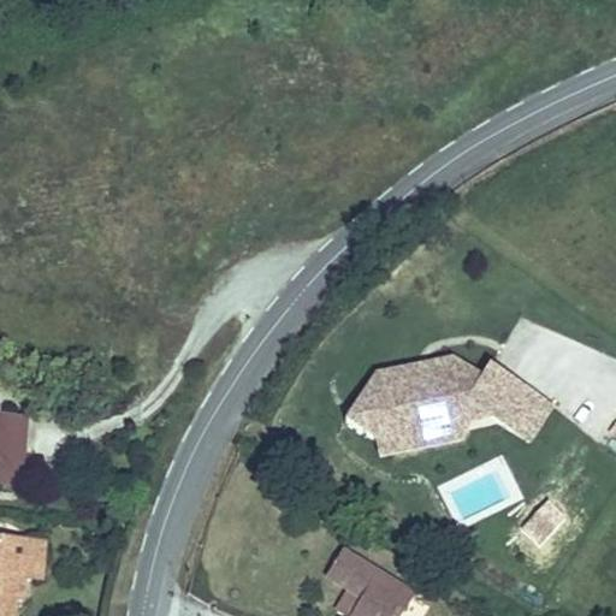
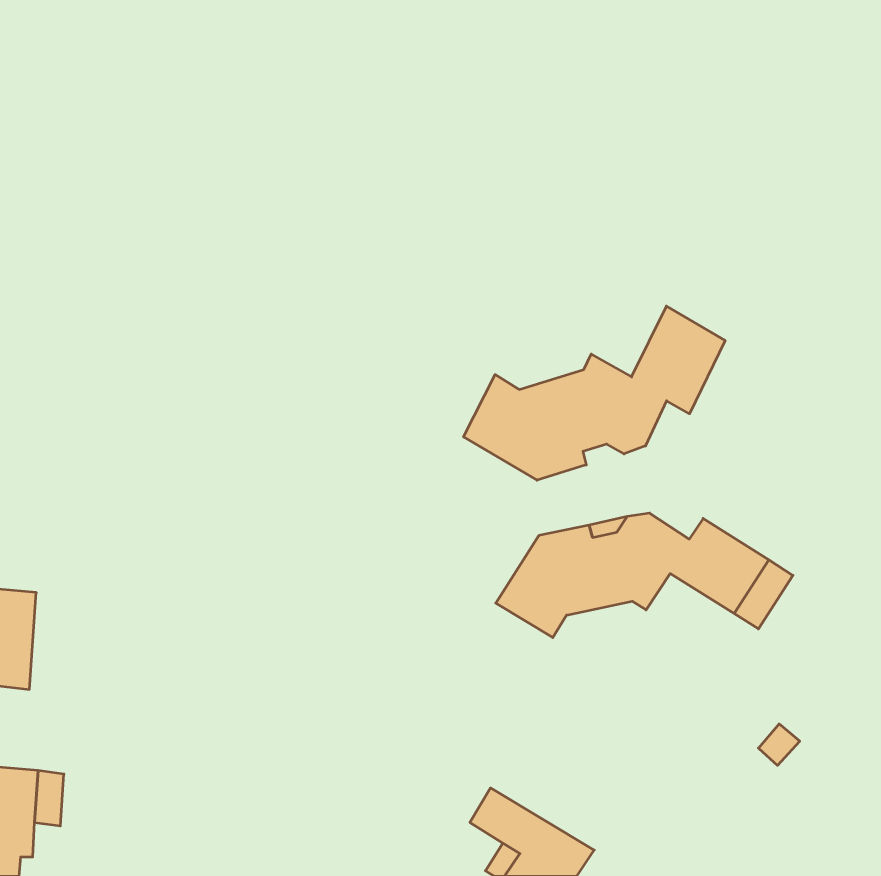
building: none -> [464,306,725,480]
building: [379,399,479,454] -> none

